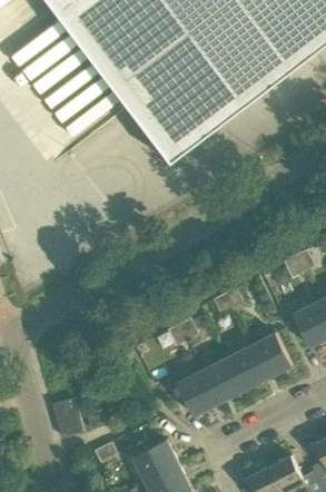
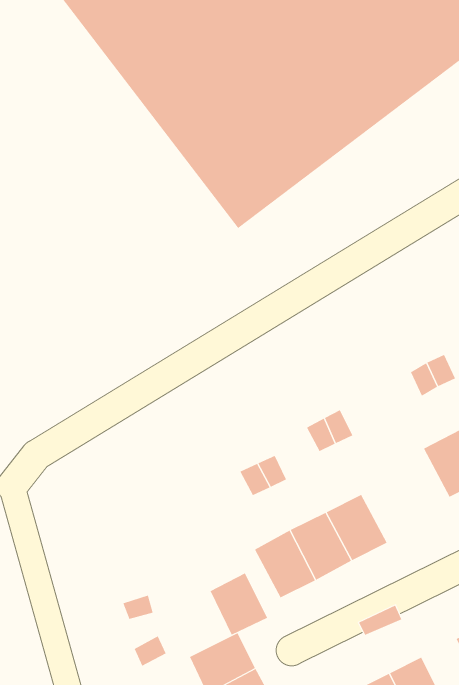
building: [250,331,293,377] -> none
building: [52,397,85,437] -> none
building: none -> [210,573,268,635]

